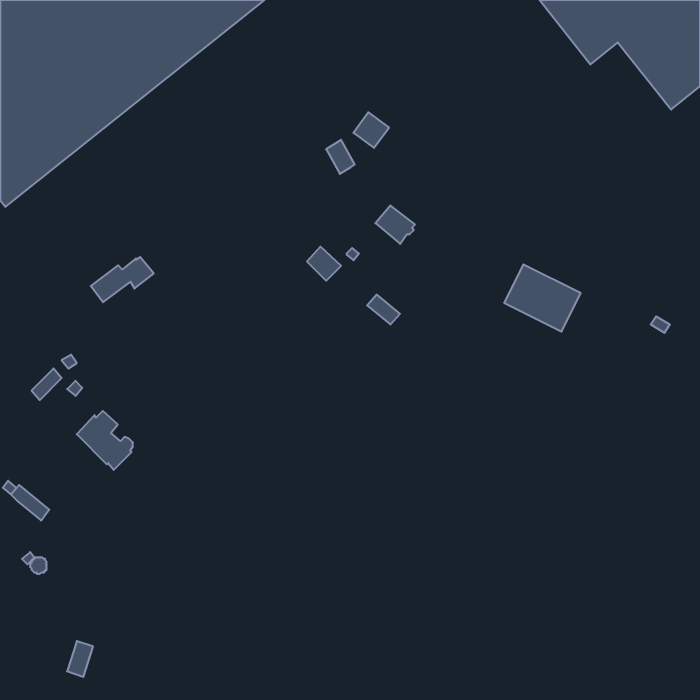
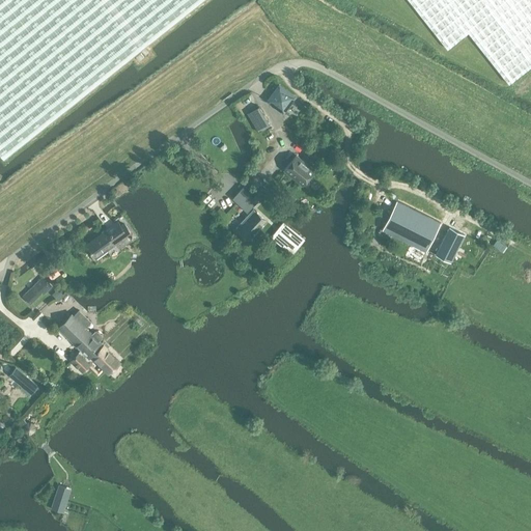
building: [91,257,154,302] -> [86,223,134,257]
building: none -> [235,208,264,239]
building: none -> [436,227,465,263]
building: none -> [72,342,119,372]

